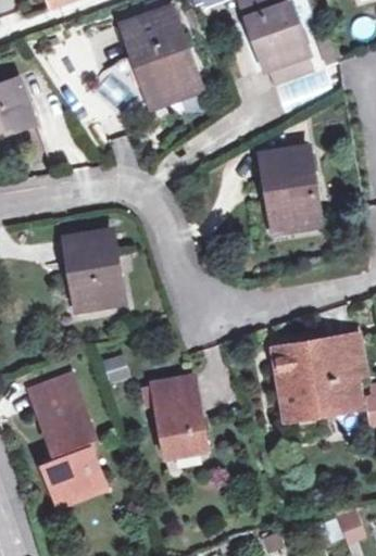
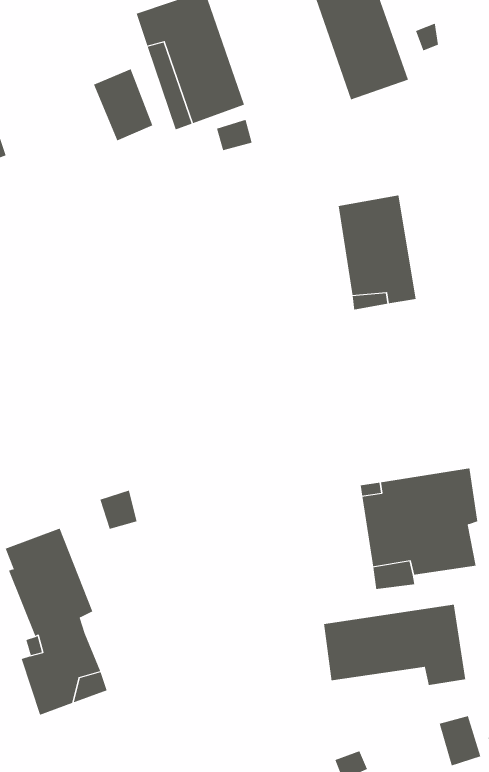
building: [66,230,122,307] -> none
building: [154,378,204,455] -> none
building: none -> [324,604,466,686]

